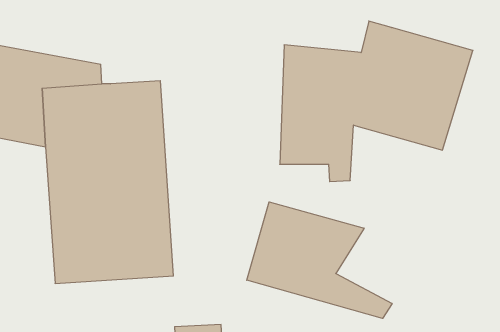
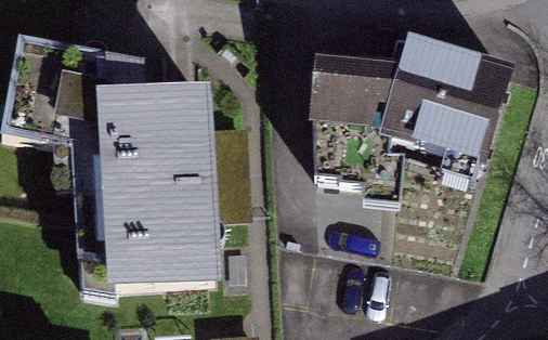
building: [247,202,392,318] -> none

